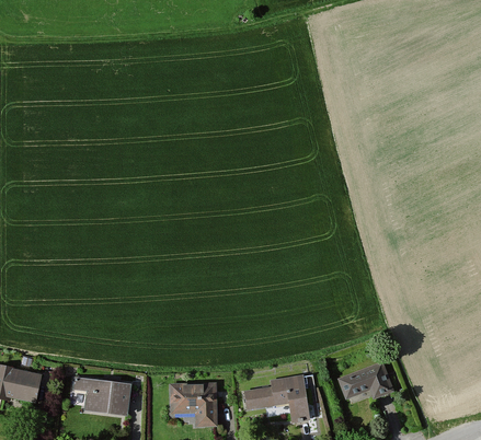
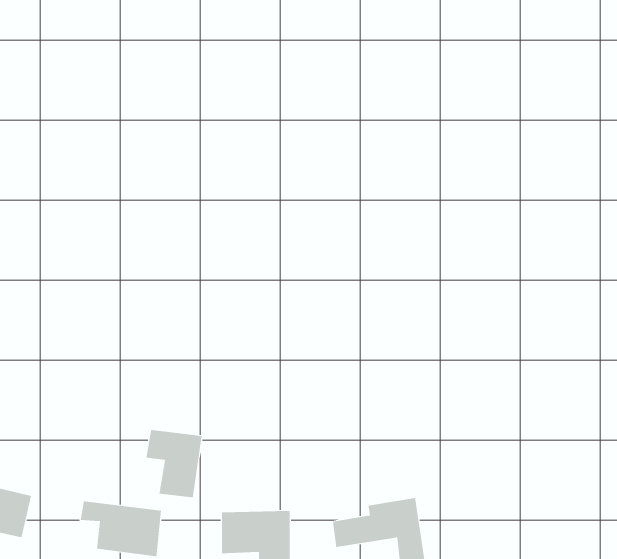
building: none -> [146,429,202,498]
building: [336,362,393,401] -> none

